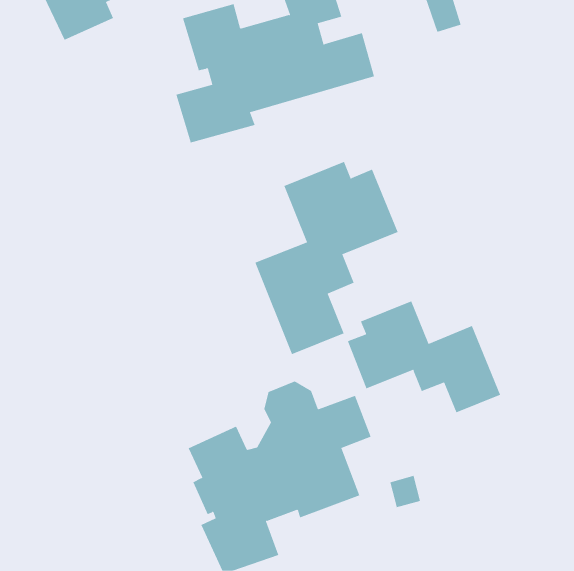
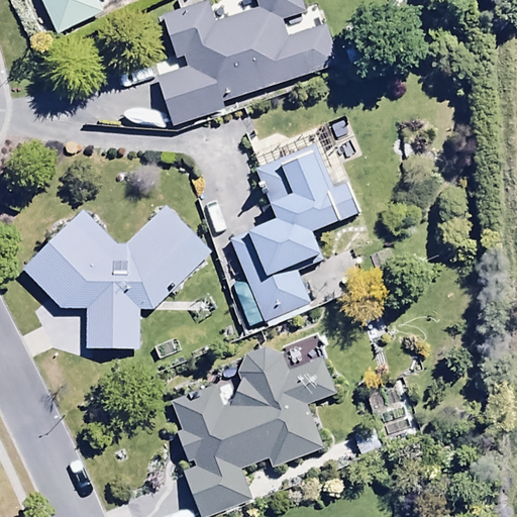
building: none -> [23,204,210,347]
building: [347,300,501,413] -> none

